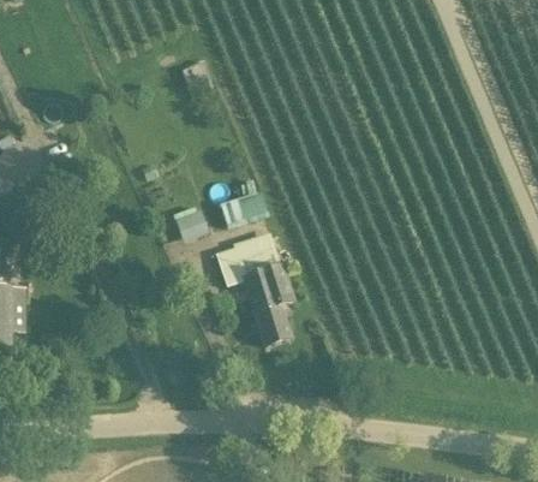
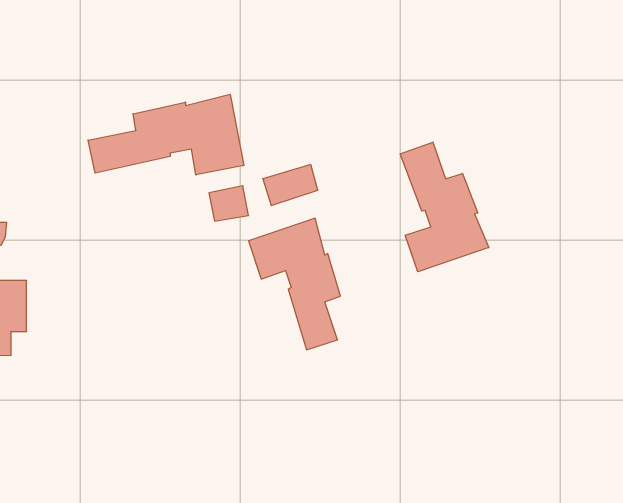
building: none -> [88,94,244,175]
building: none -> [400,142,489,272]

